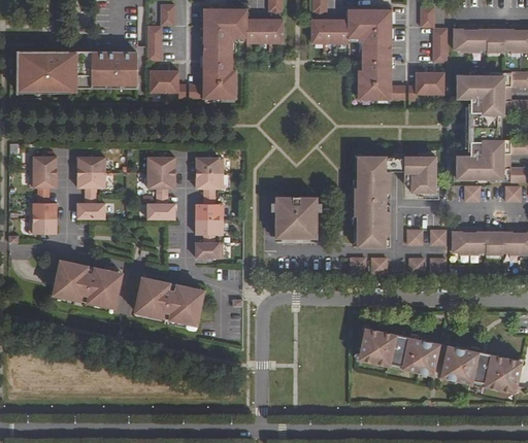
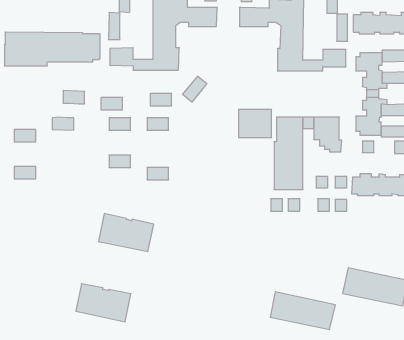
building: none -> [183,76,207,102]
building: [30,157,57,172] -> none
building: [77,172,104,189] -> [63,91,85,104]
building: [148,173,175,189] -> [101,98,122,110]
building: [196,173,223,189] -> [150,93,172,106]
building: [275,197,317,232] -> [239,109,272,138]
building: [30,203,57,218] -> none
building: [77,204,104,219] -> none
building: [196,204,223,219] -> none
building: [196,243,223,259] -> none
building: [54,261,123,308] -> [76,284,131,322]
building: [359,328,440,375] -> [270,292,335,330]

